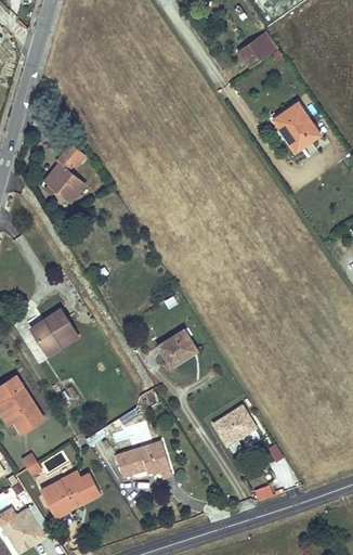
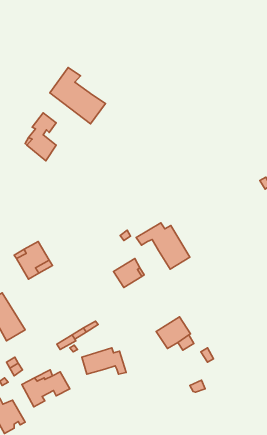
building: [236,30,279,68] -> none
building: none -> [50,67,105,124]
building: [274,103,321,152] -> none
building: none -> [136,223,190,269]

